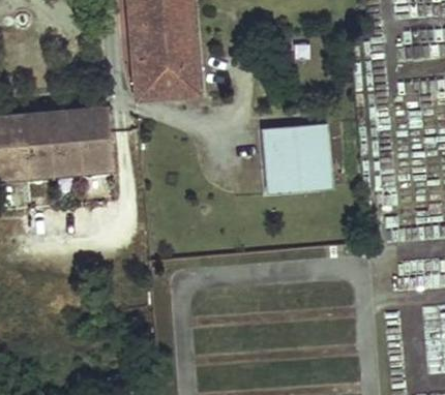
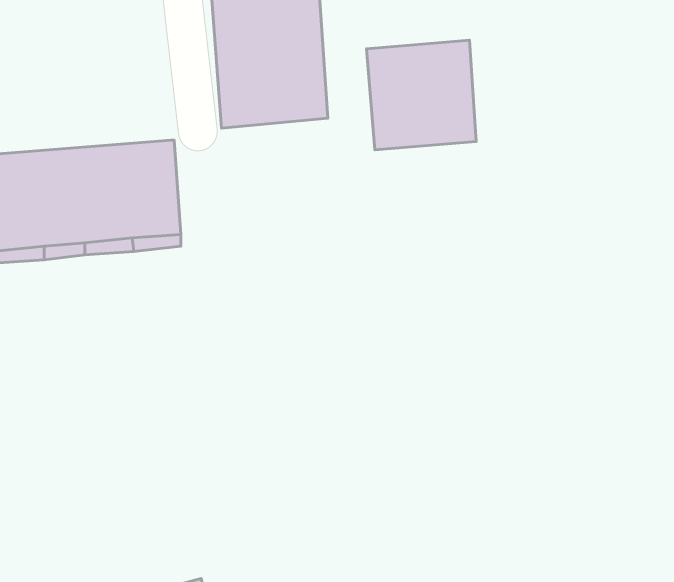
building: [266,124,333,191] -> [367,40,476,150]

